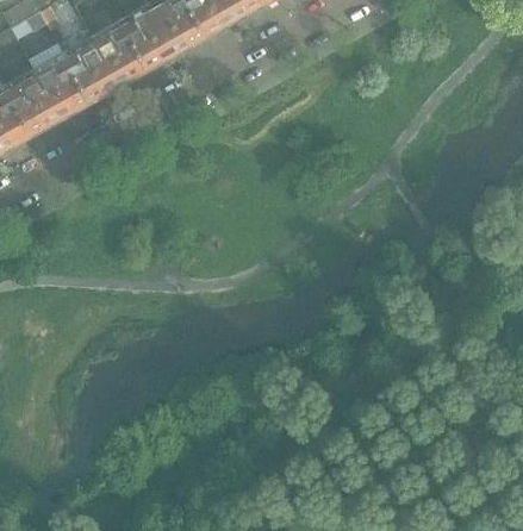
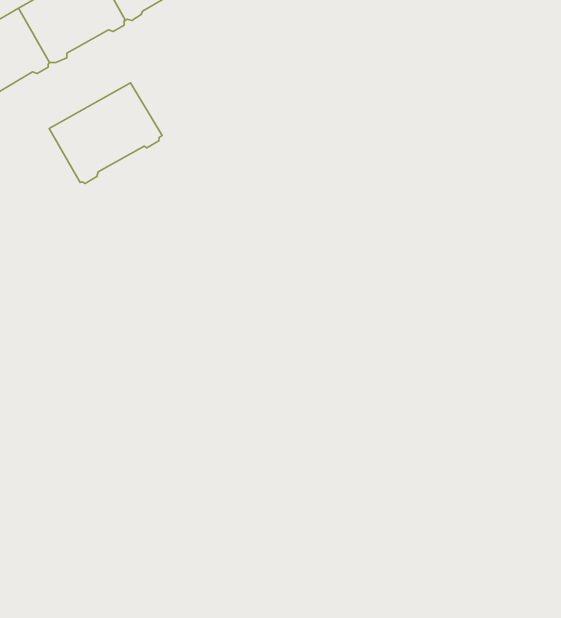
building: none -> [49,83,162,183]

